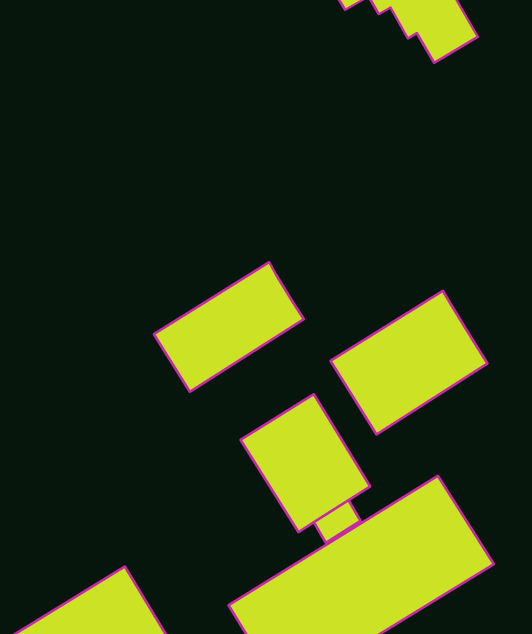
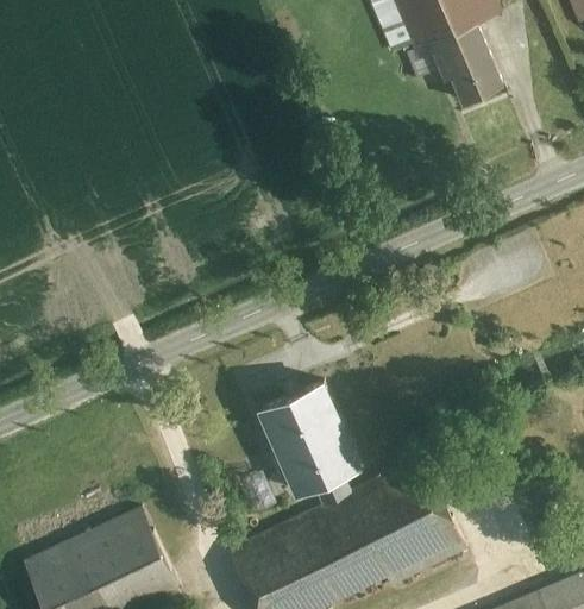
building: [154,262,304,392] -> none
building: [331,291,487,435] -> none

